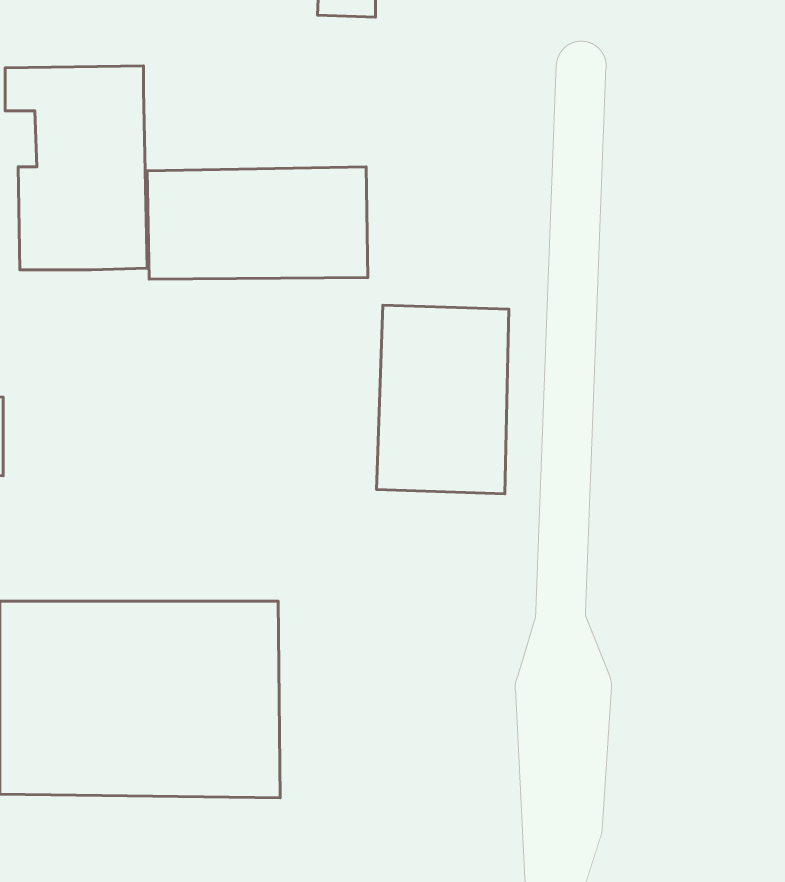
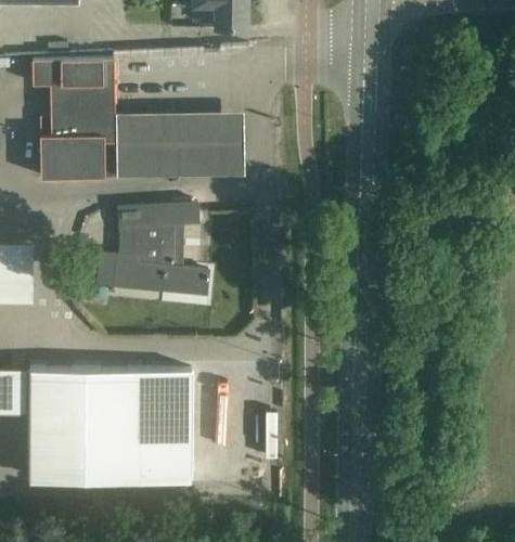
building: [377,305,509,494] -> none
building: none -> [96,204,208,293]

